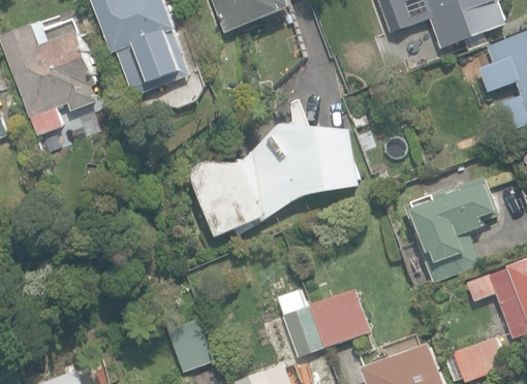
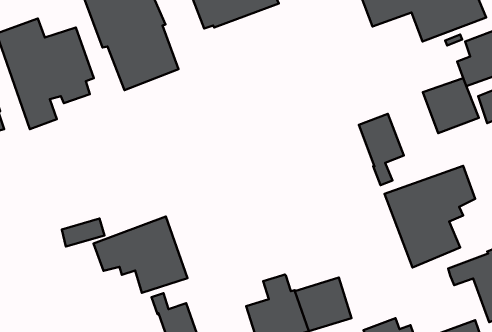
building: none -> [423,78,479,133]
building: none -> [359,114,404,185]
building: [191,123,360,236] -> none
building: none -> [93,217,188,293]

